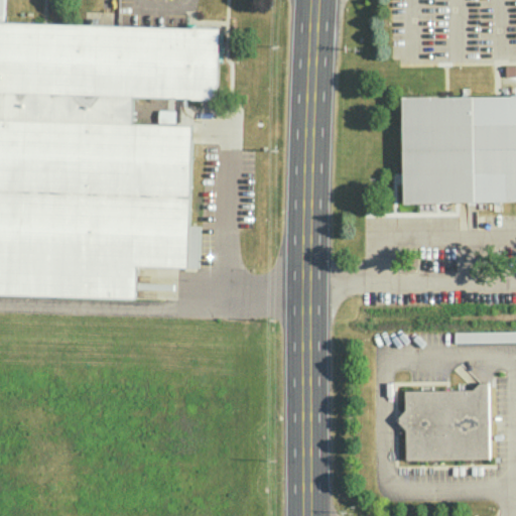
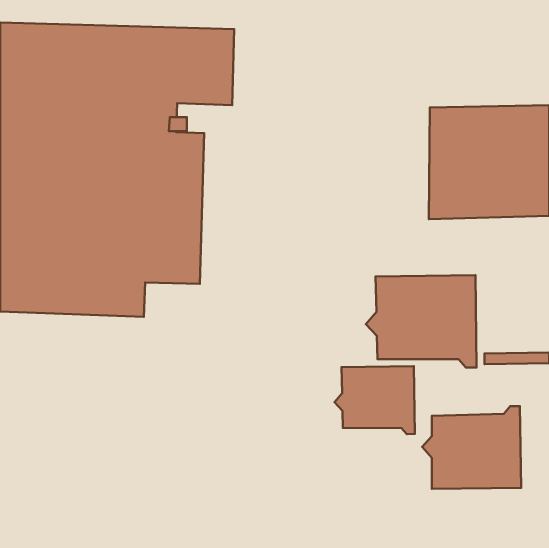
building: none -> [366,275,477,368]
building: none -> [334,366,415,434]

